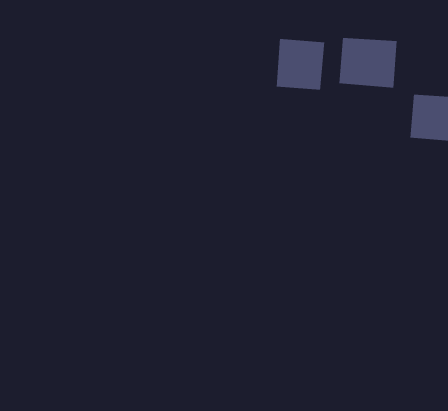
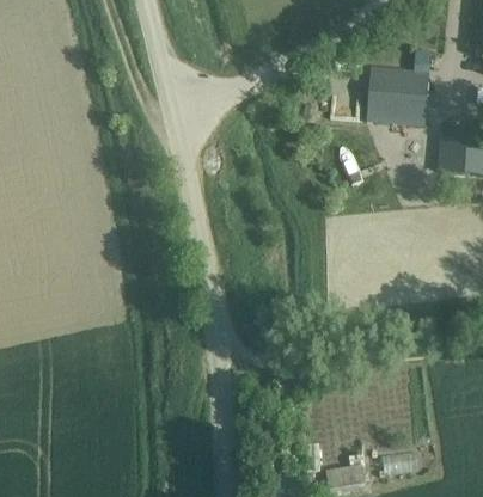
building: [276,38,325,90] -> none

